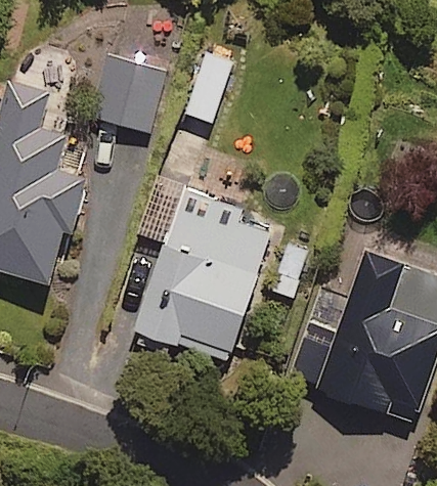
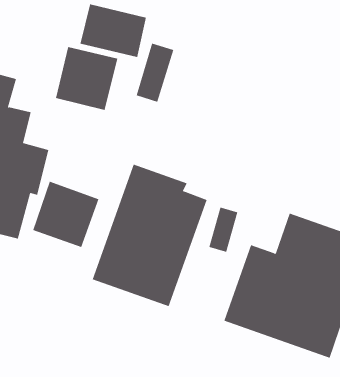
building: none -> [80,4,147,58]
building: none -> [32,181,99,248]

